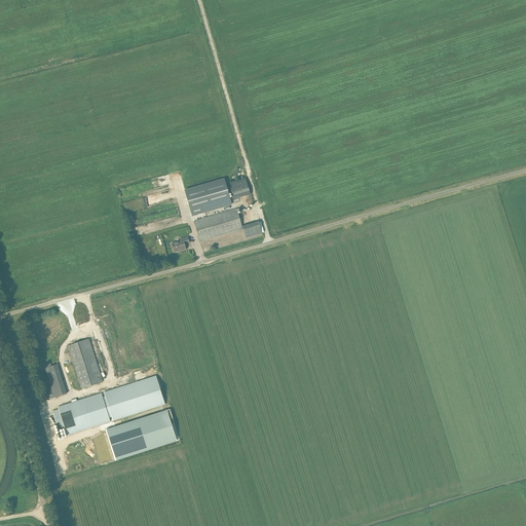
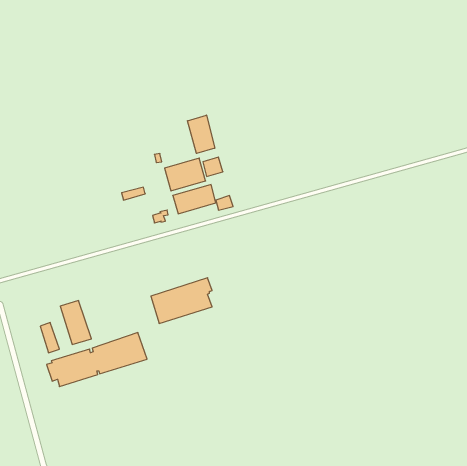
building: none -> [187,115,215,153]
building: [106,408,175,459] -> [151,278,212,323]

